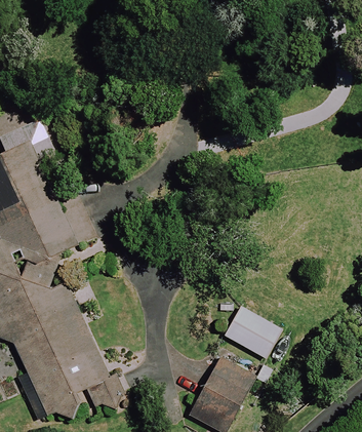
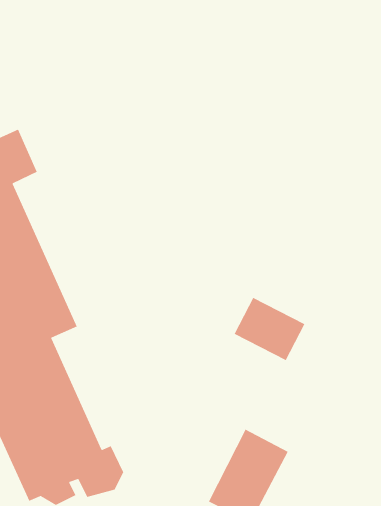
building: [225,307,282,358] -> [233,297,306,361]

